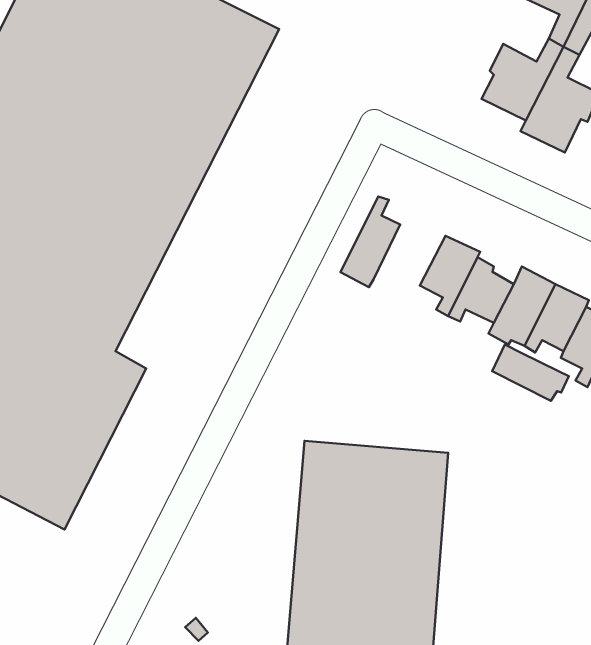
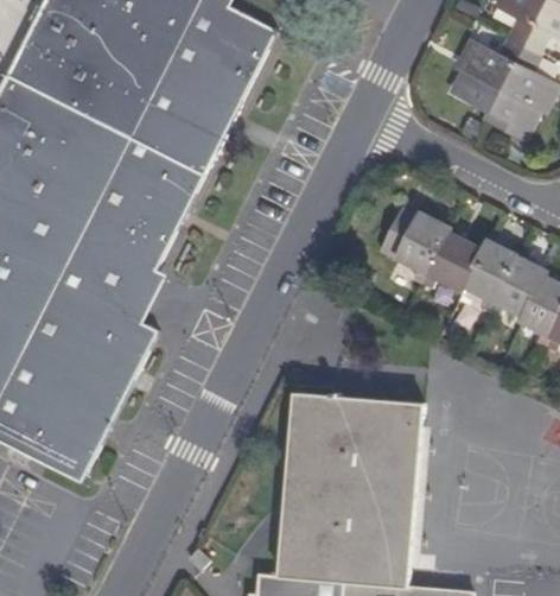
building: [340,196,400,287] -> none
building: [492,344,569,401] -> none

